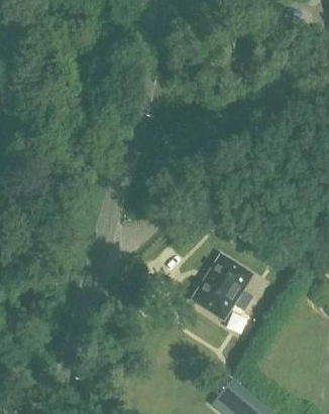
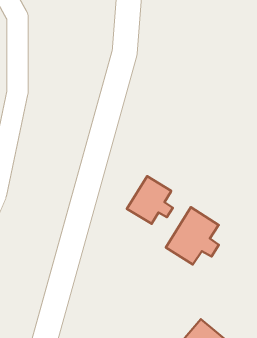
building: none -> [127,176,173,224]

